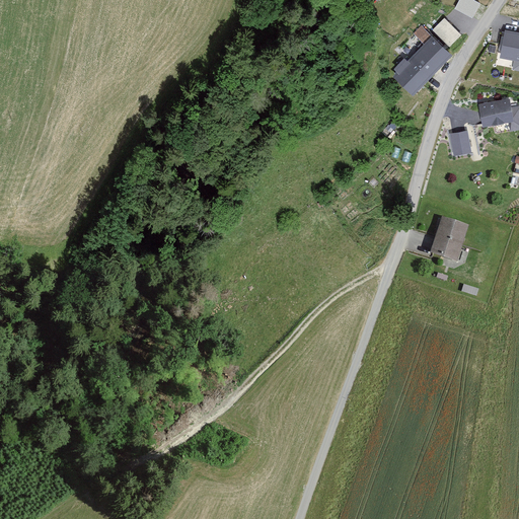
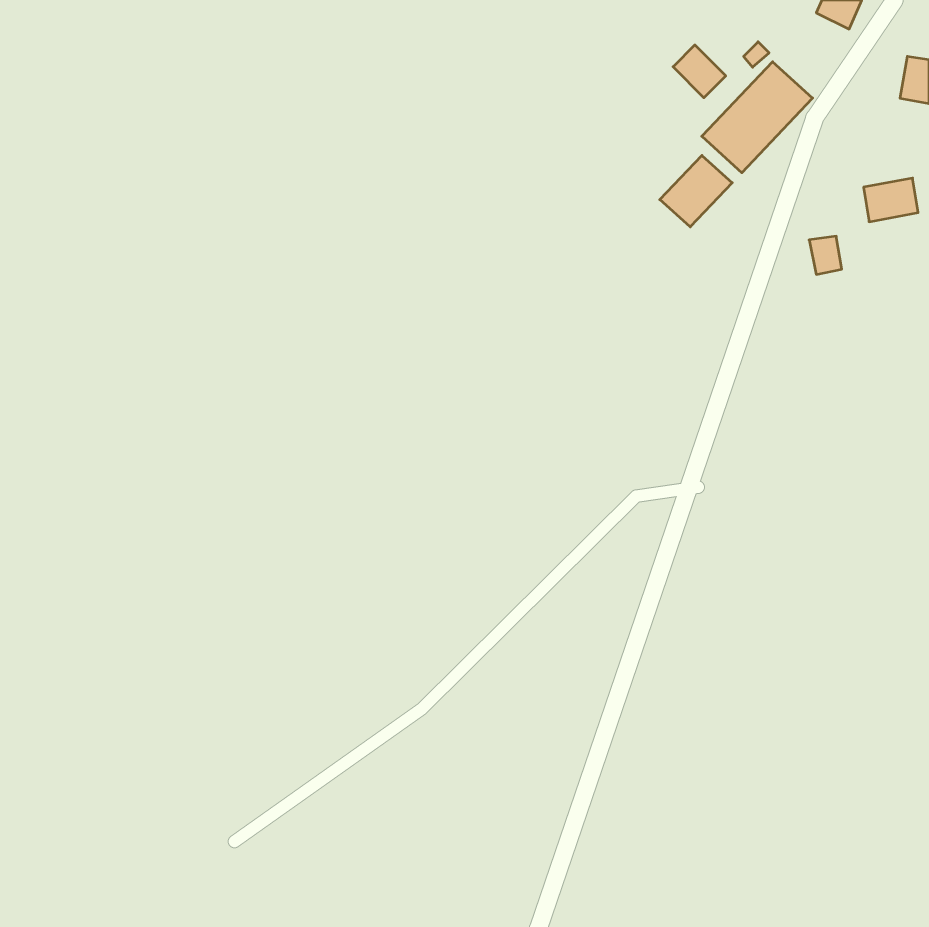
building: [433,16,462,46] -> [673,45,726,98]
building: none -> [660,155,732,227]
building: [428,214,468,261] -> none

